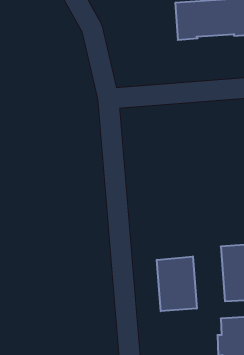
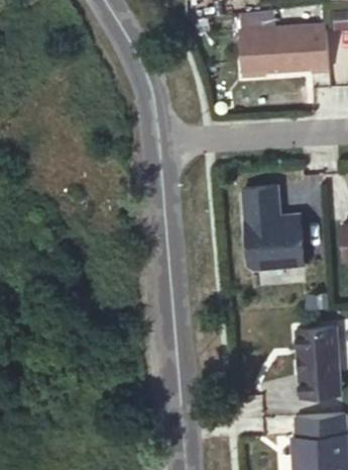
building: none -> [245,185,307,267]
building: [157,256,197,311] -> none

